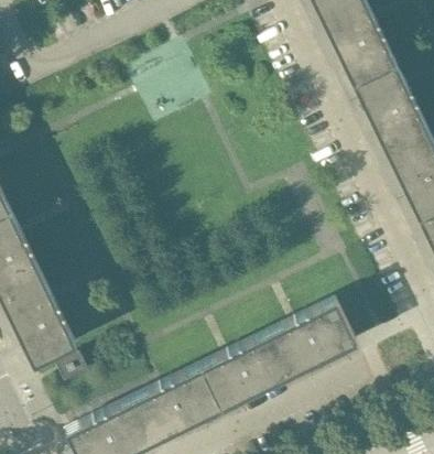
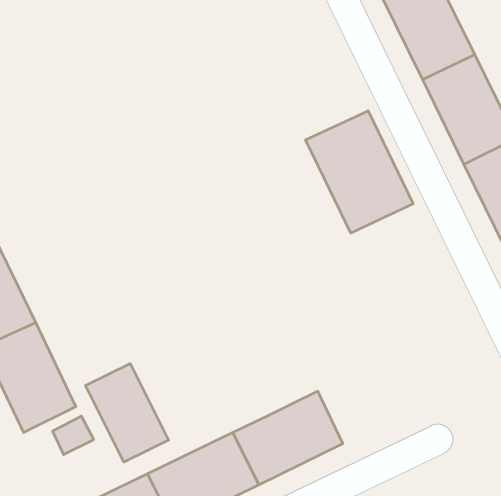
building: none -> [306,111,413,233]
building: [270,302,357,377] -> none
building: none -> [86,364,169,462]

